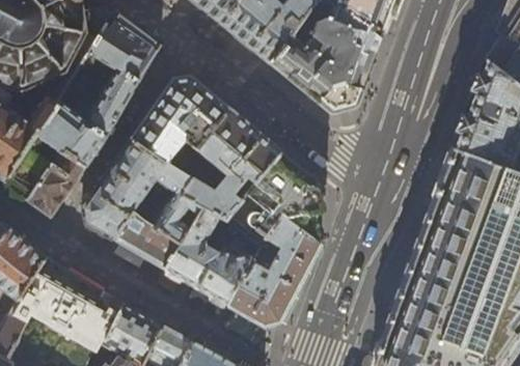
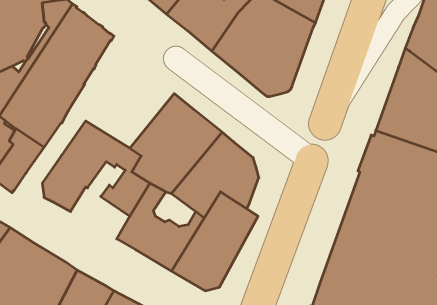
building: [130,79,227,171] -> none
building: [113,214,179,271] -> none

